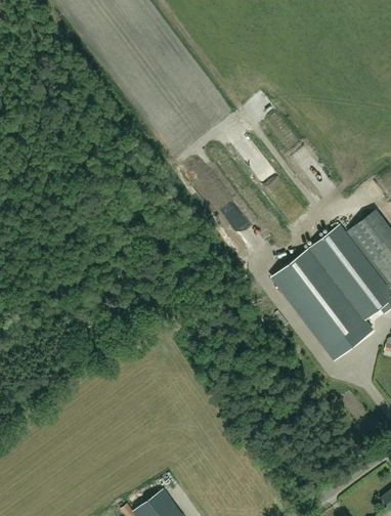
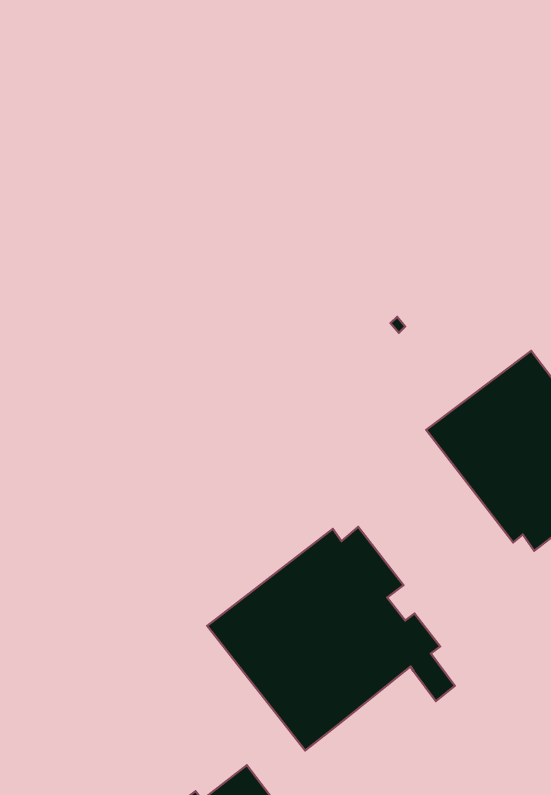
building: none -> [207,527,455,750]

